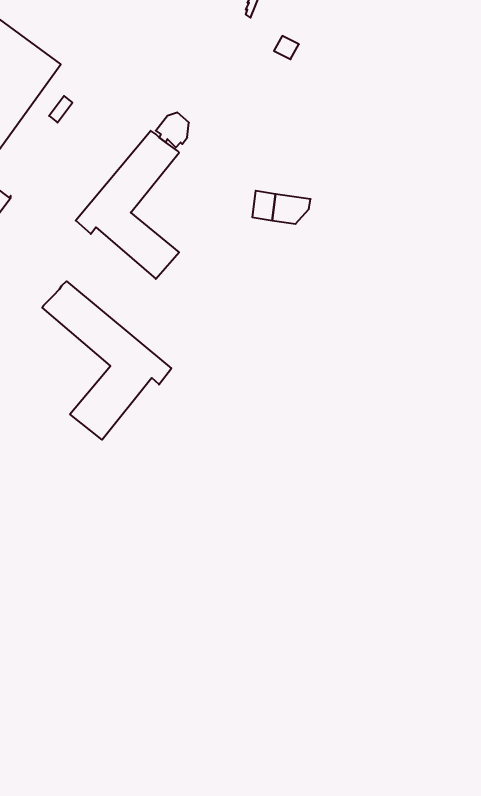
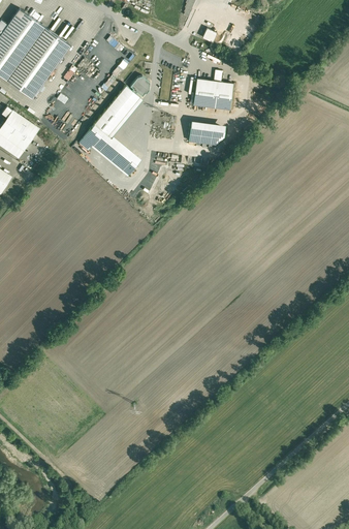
building: none -> [193,79,232,110]
building: [42,281,171,440] -> none

